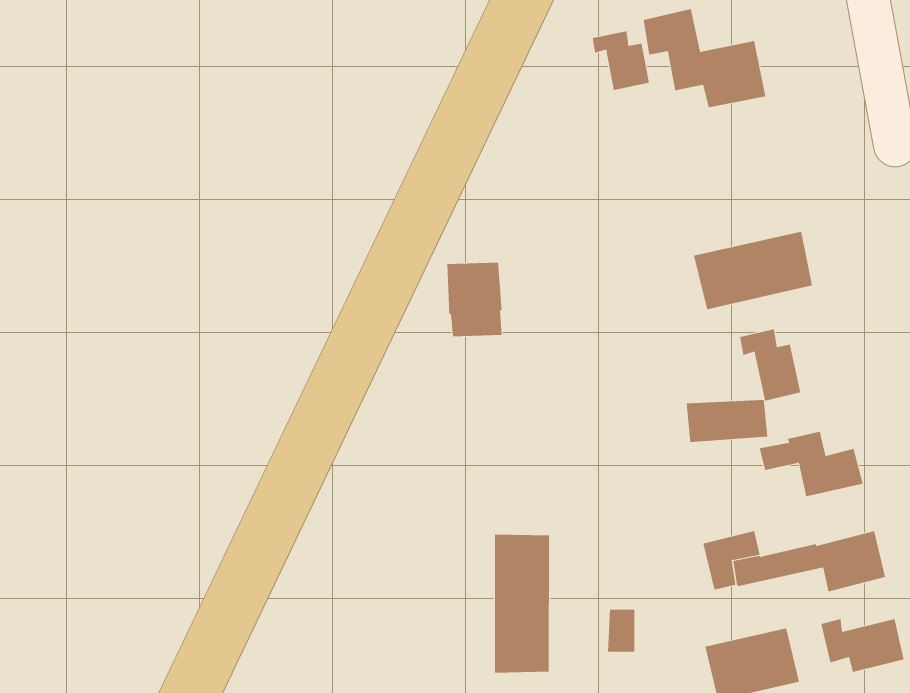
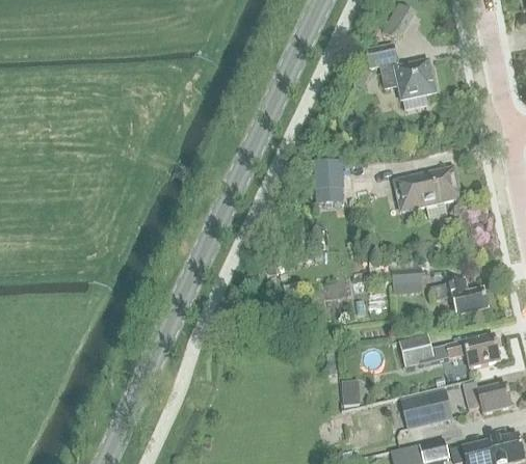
building: [592,30,649,91] -> none
building: [446,262,503,337] -> [312,162,343,203]
building: [739,329,801,401] -> none
building: [495,534,550,673] -> none

